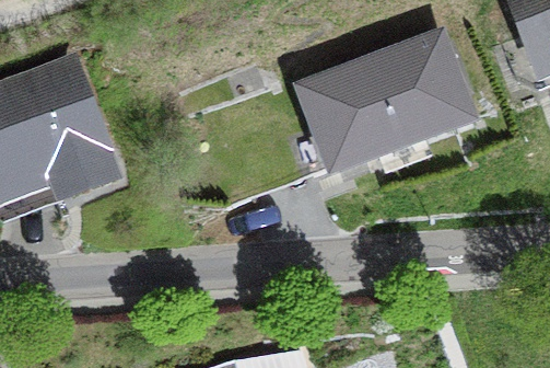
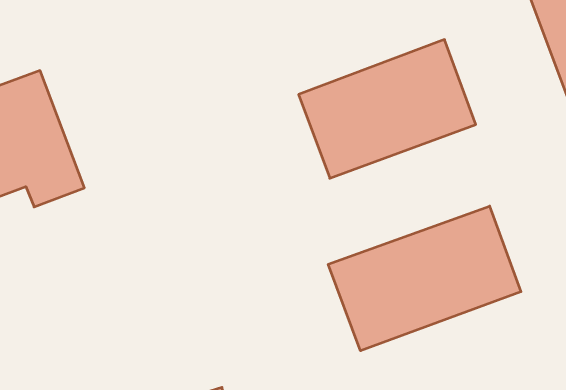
building: none -> [328,206,521,351]

